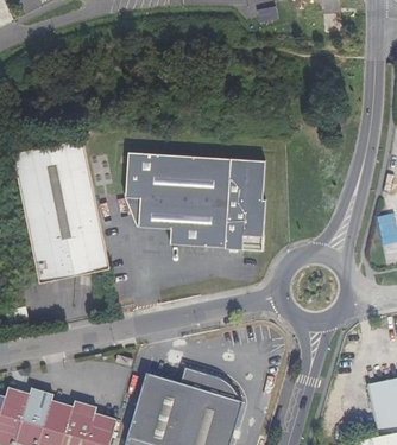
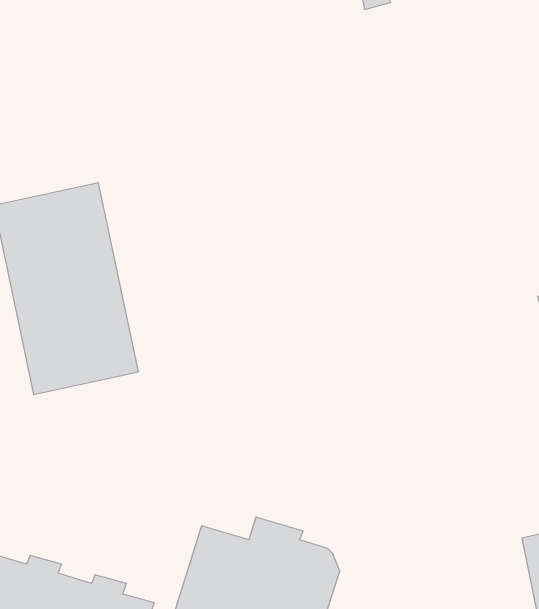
building: [121,153,260,249] -> none

